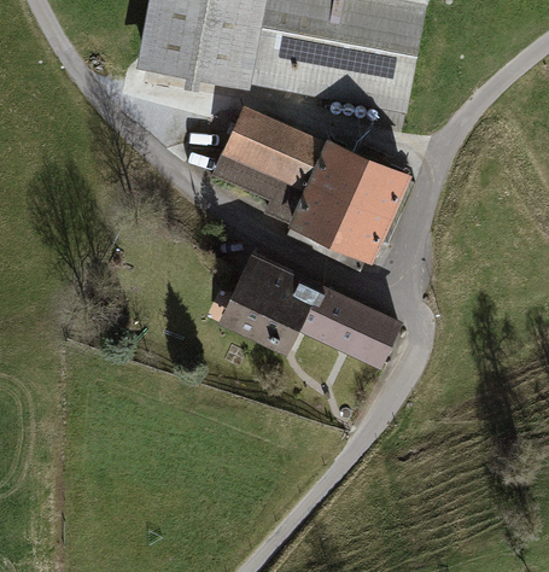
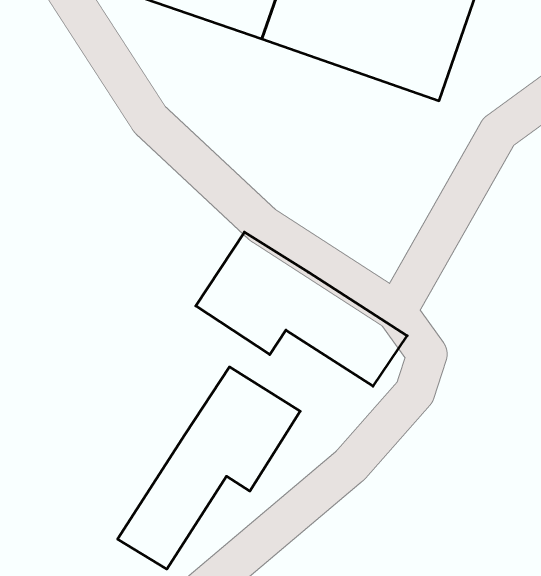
building: [216,107,404,258] -> none
building: none -> [118,367,300,569]

